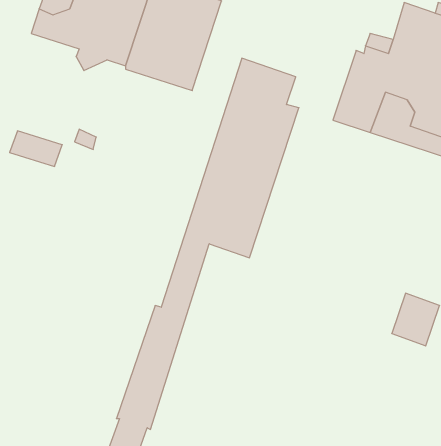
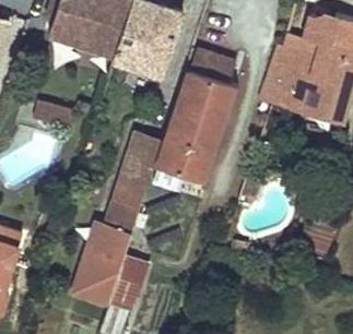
building: none -> [71,135,160,307]

